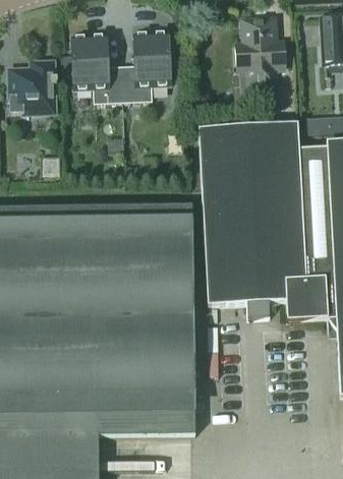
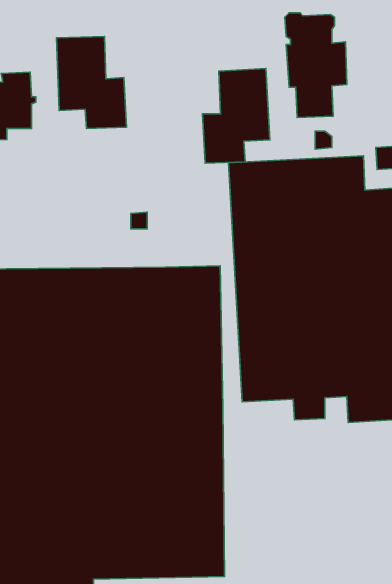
building: [121,32,171,102] -> [202,68,270,163]

